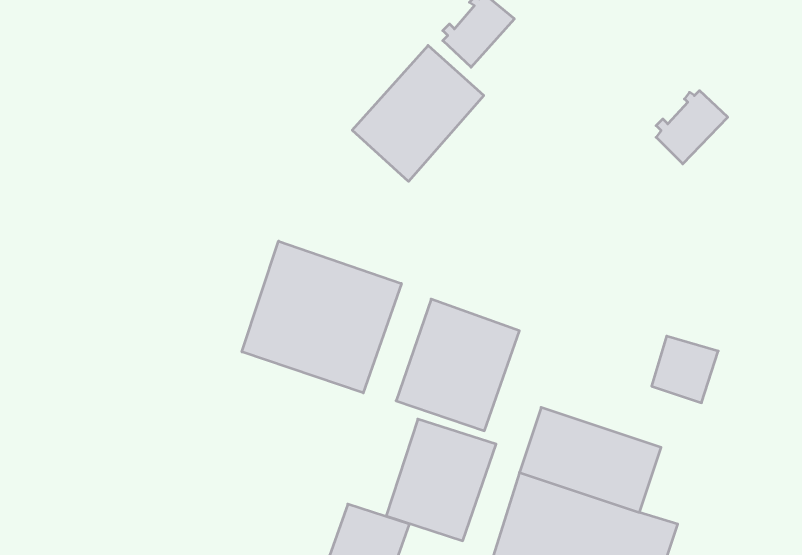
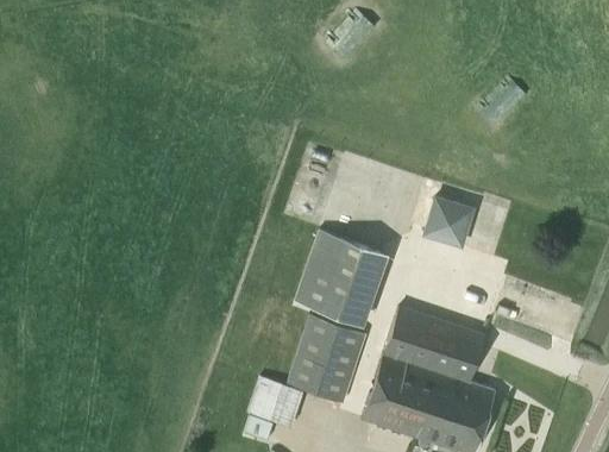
building: [352,45,484,181] -> none
building: [242,241,401,393] -> none
building: [652,336,718,403] -> [426,200,473,247]

